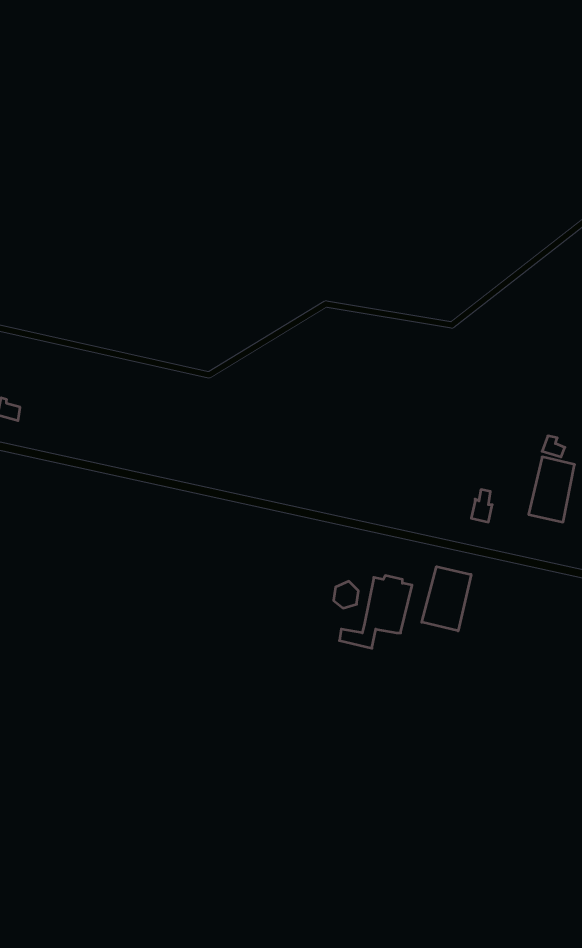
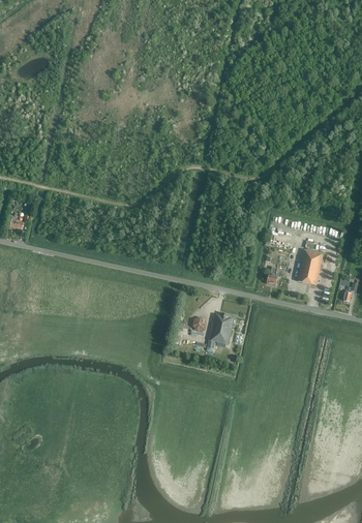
building: [422,567,471,631] -> none

